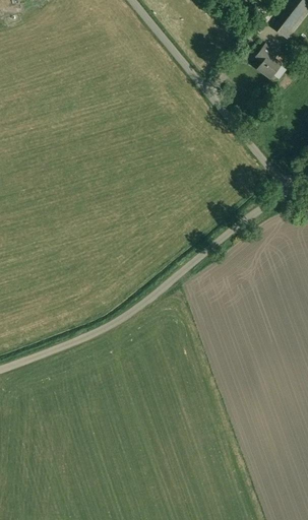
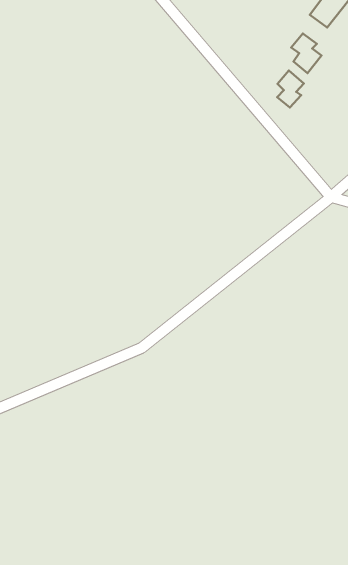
building: none -> [277,70,304,107]

